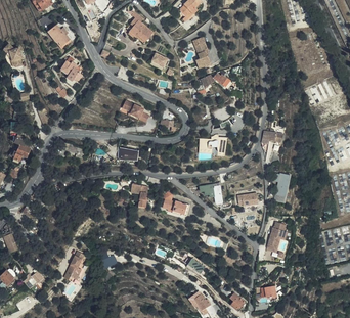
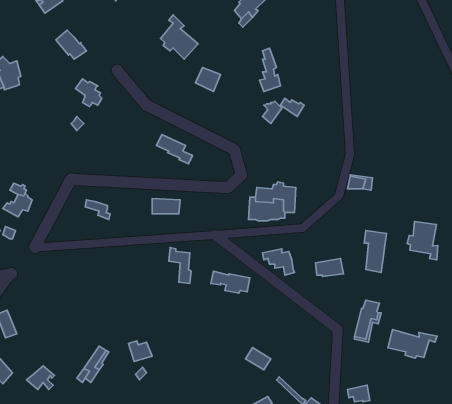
building: none -> [407,222,438,260]
building: none -> [388,330,437,358]

